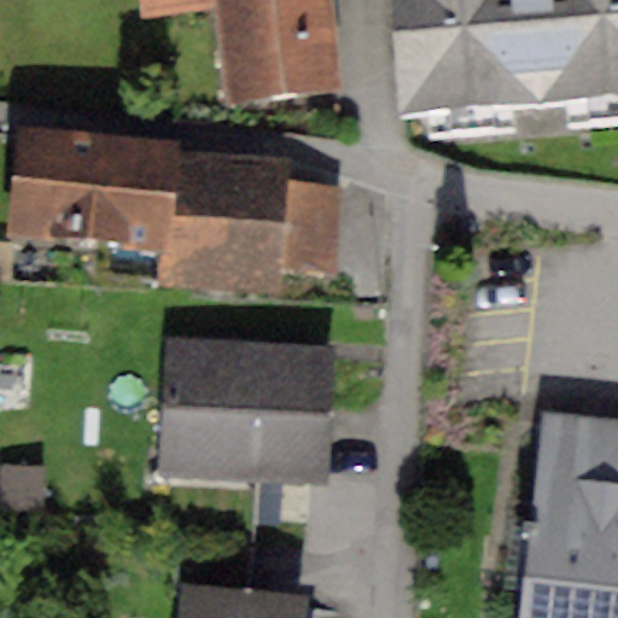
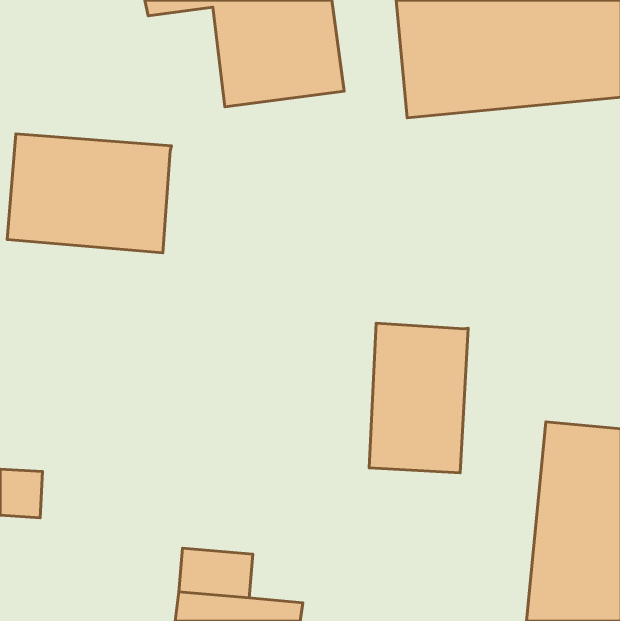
building: [161,150,344,293] -> none
building: none -> [369,323,468,473]
building: [159,340,331,483] -> none

